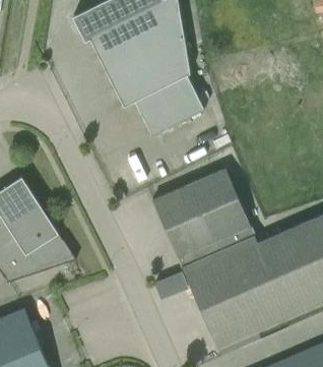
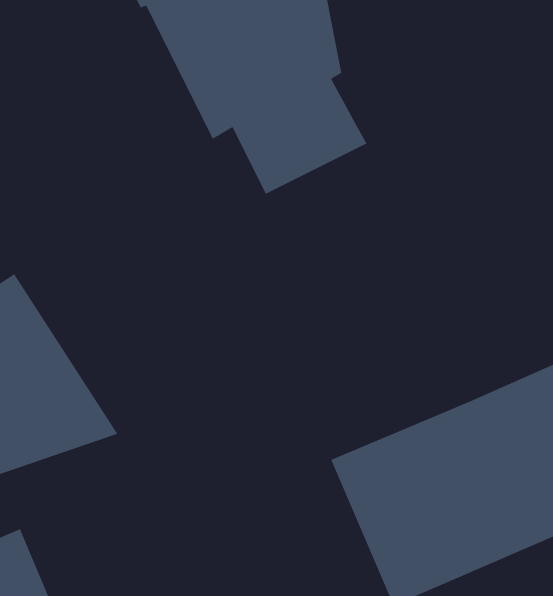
building: [153,170,257,272] -> none

